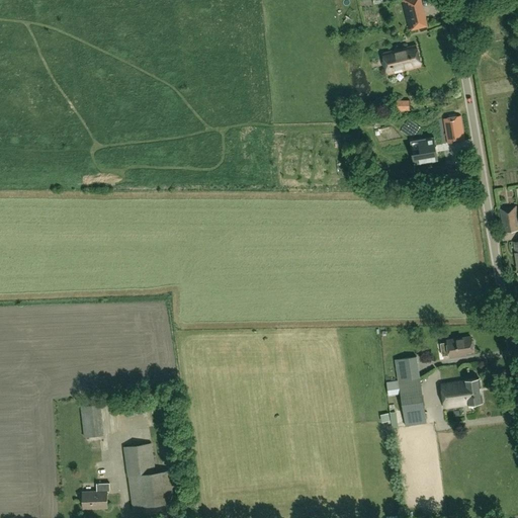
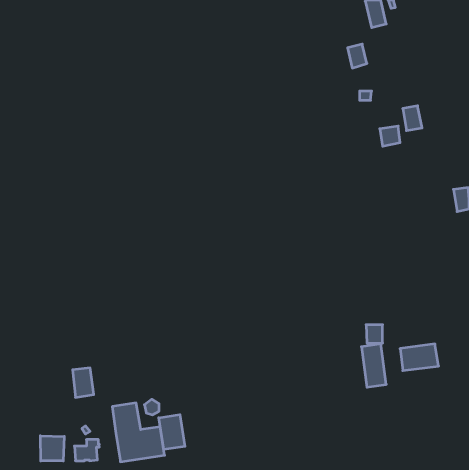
building: [399,45,421,70] -> none
building: [447,337,474,357] -> none
building: none -> [159,415,185,450]
building: none -> [40,436,64,461]

